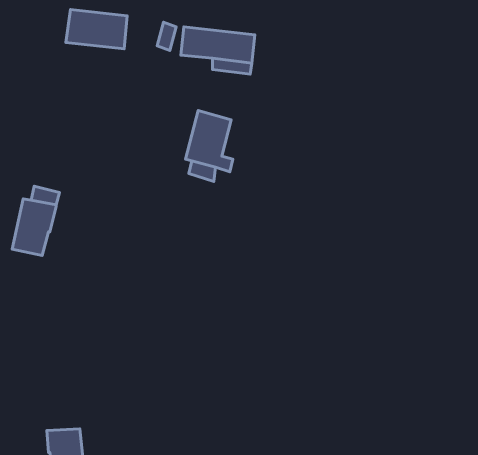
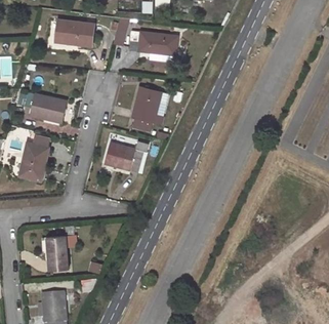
building: none -> [24,91,66,122]
building: none -> [104,143,143,172]
building: none -> [45,235,68,271]

